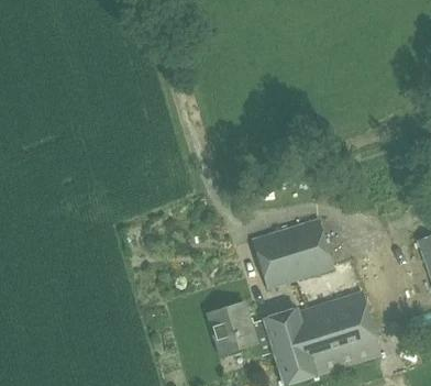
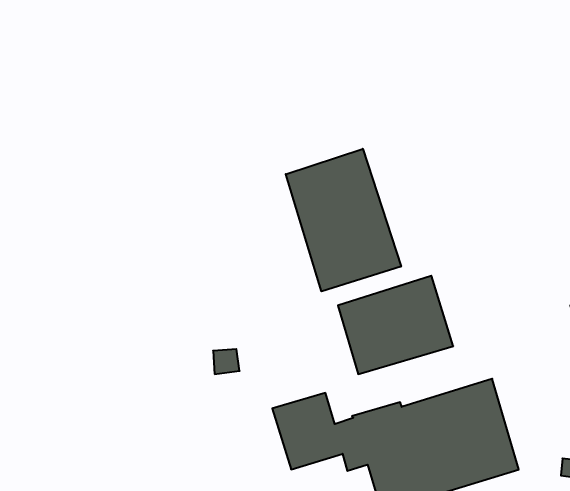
building: none -> [286,149,401,291]

